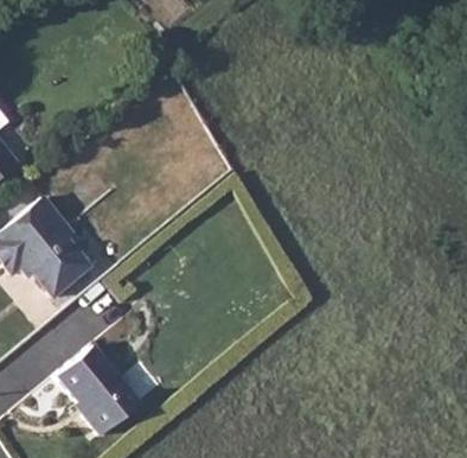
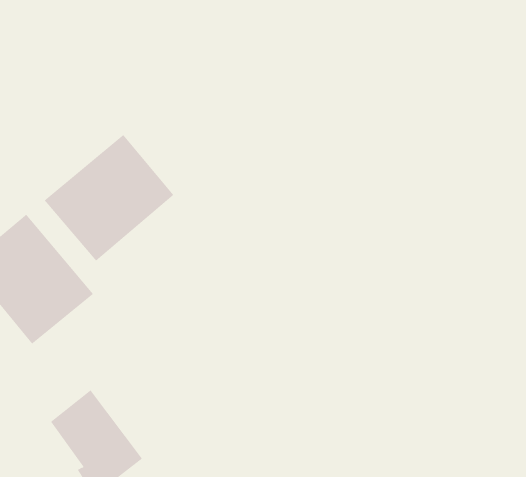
building: none -> [44,134,174,261]

